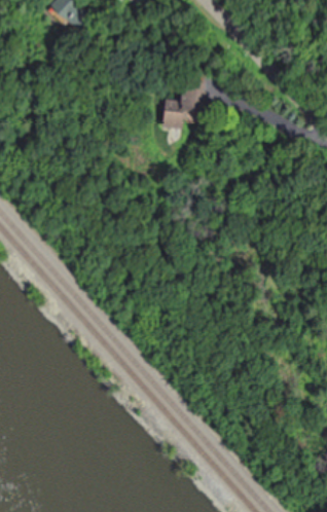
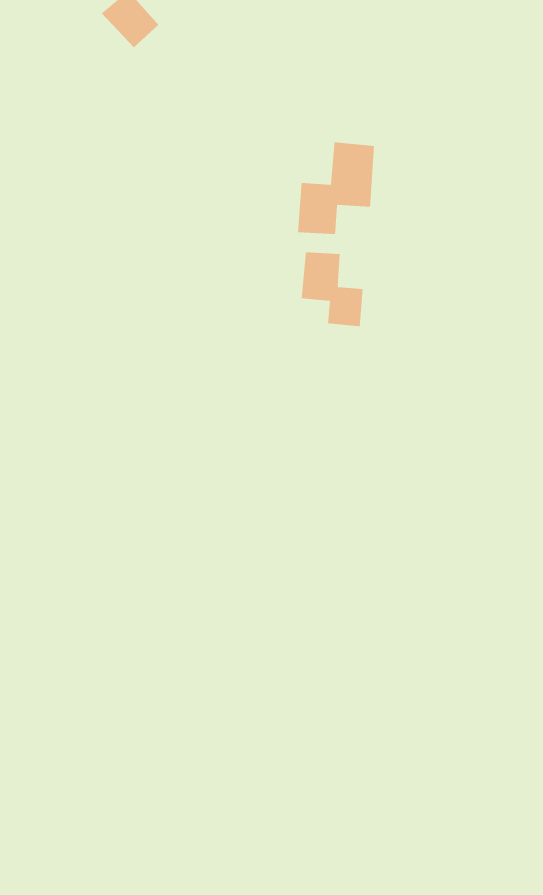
building: none -> [301,251,364,327]

